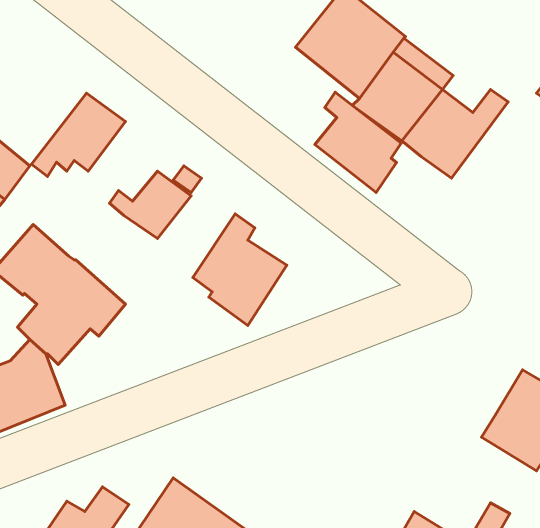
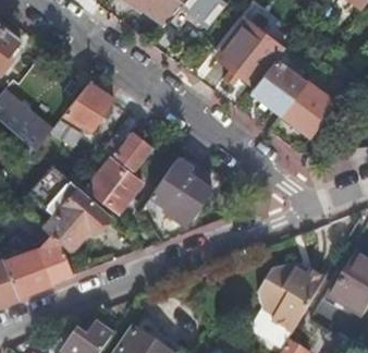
building: [315,92,401,193] -> none
building: none -> [87,160,140,229]
building: none -> [256,266,323,336]

